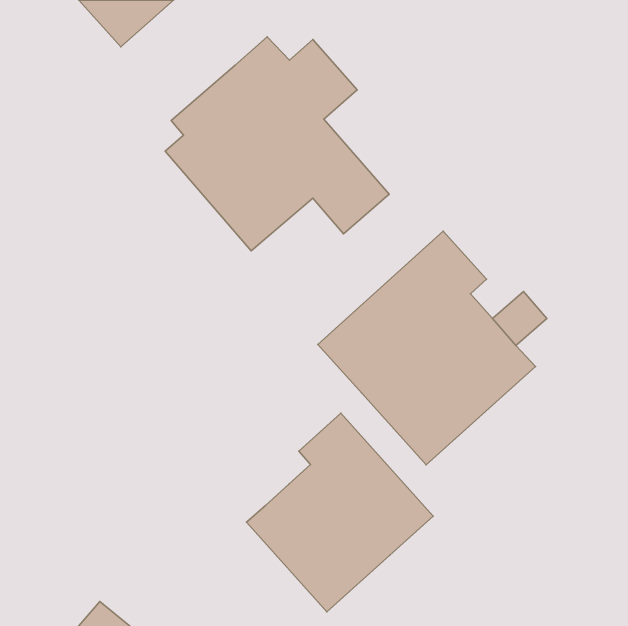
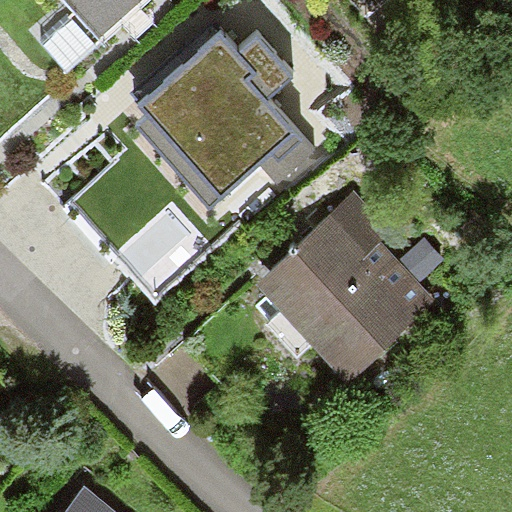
building: [246,413,433,612] -> none

